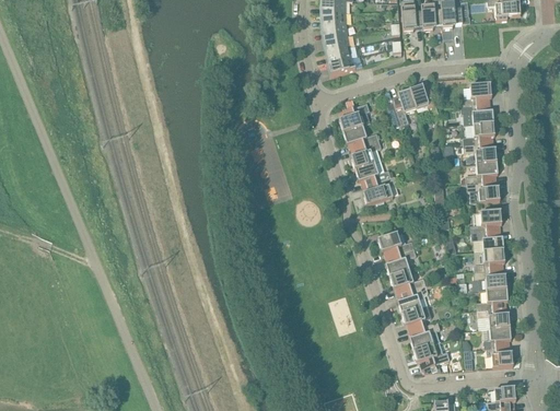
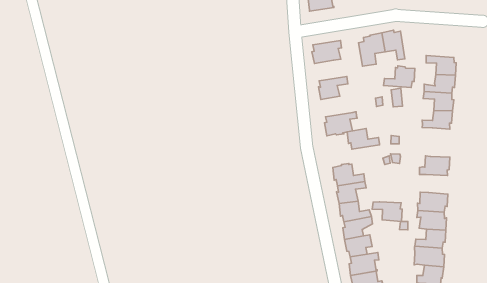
building: [460,83,492,106] -> [384,66,415,87]
building: [343,125,380,149] -> none
building: [355,162,392,186] -> [347,128,380,149]
building: [467,180,500,202] -> none
building: [471,230,504,250] -> [372,202,402,222]

